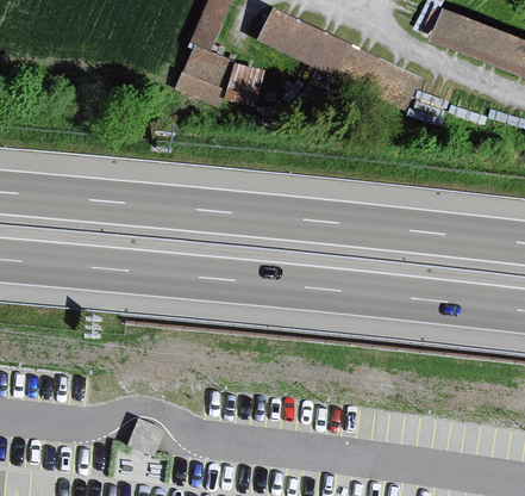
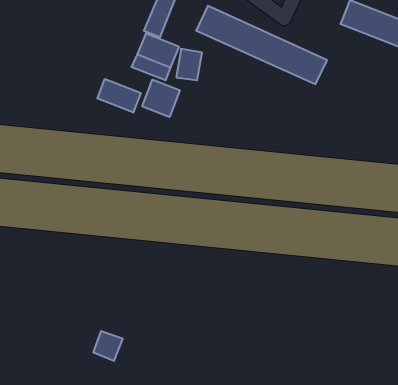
building: none -> [97,79,141,113]
building: none -> [142,80,180,117]

